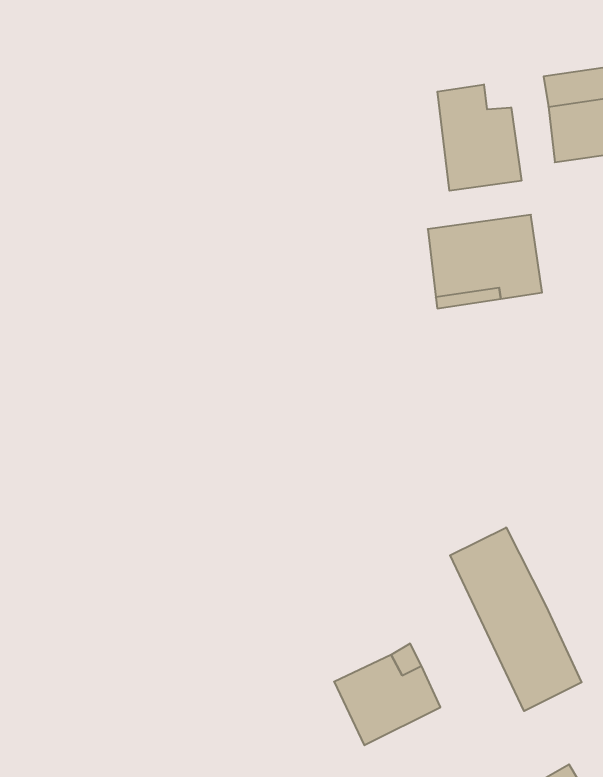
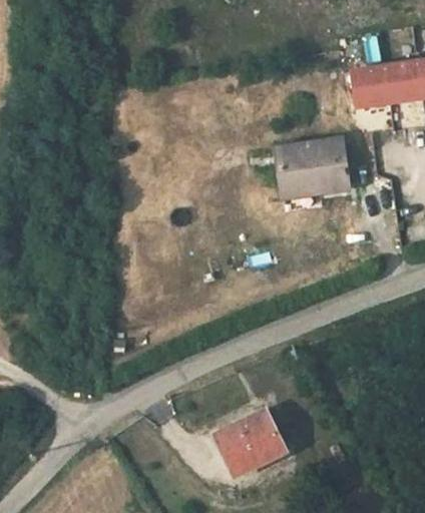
building: [437,84,521,191] -> none
building: [450,527,582,711] -> none

